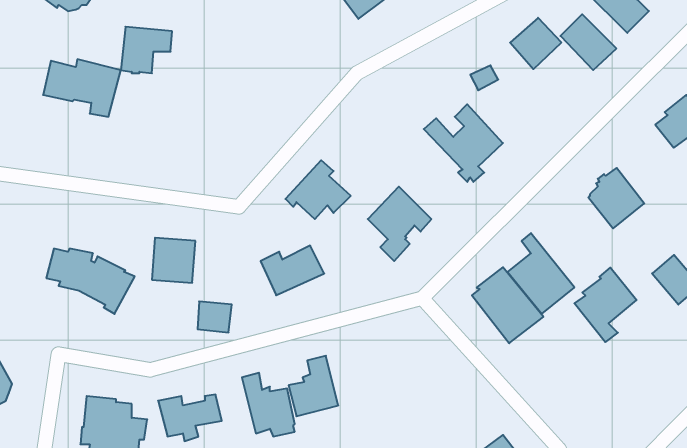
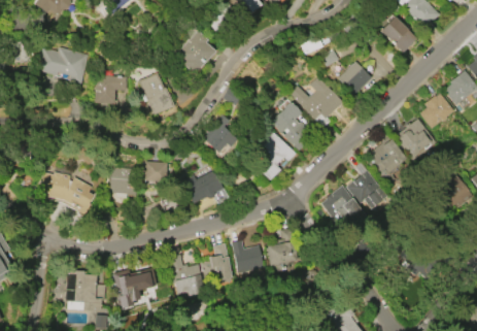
building: [510,18,561,69] -> [337,62,371,96]
building: [121,27,172,73] -> [93,74,127,105]
building: none -> [176,30,215,74]
building: none -> [139,72,174,114]
building: none -> [418,94,453,130]
building: none -> [271,102,314,152]
building: [574,268,637,342] -> [367,139,408,189]
building: [198,301,232,332] -> [143,161,166,181]
building: none -> [267,232,296,266]
building: none -> [232,240,264,273]

